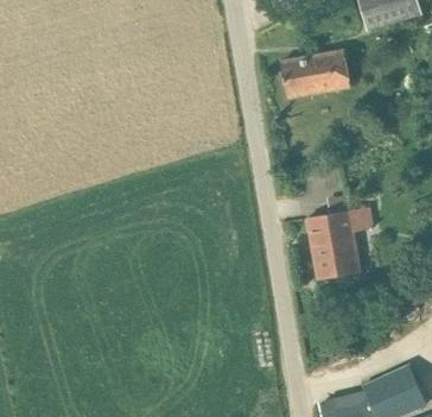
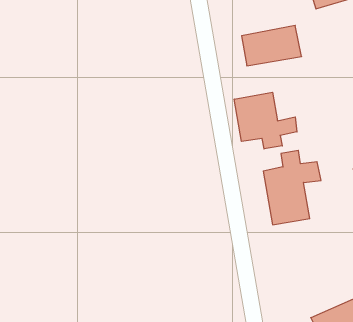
building: none -> [234,92,297,149]

